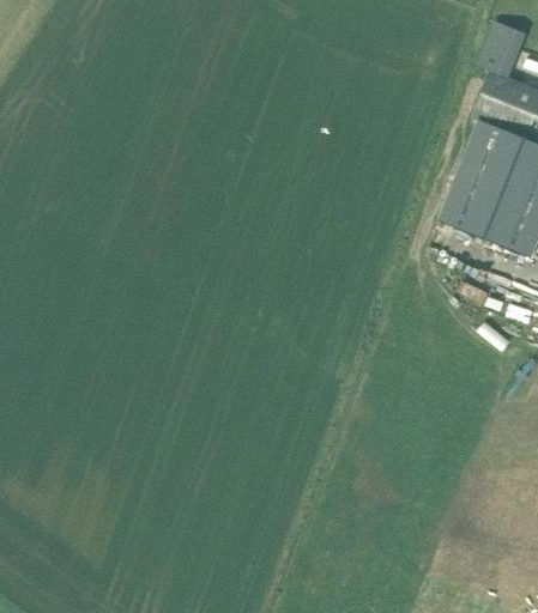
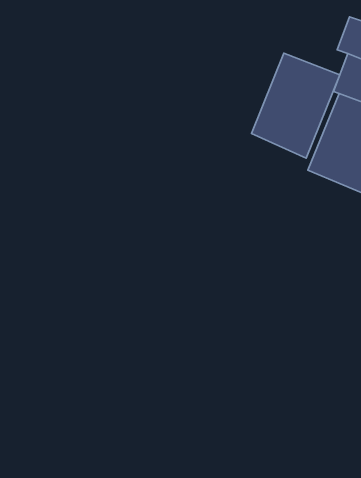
building: none -> [252,53,340,158]

